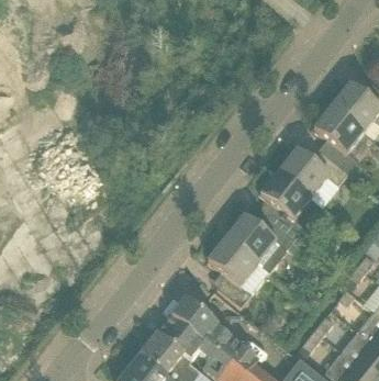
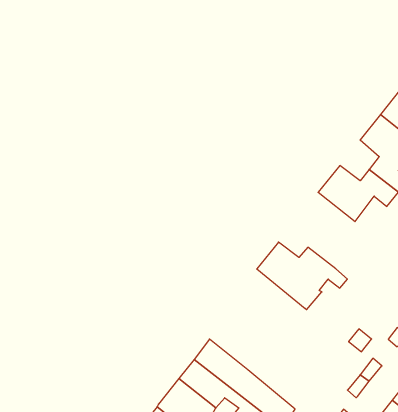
building: [260,170,310,236] -> none
building: [208,236,267,302] -> none

